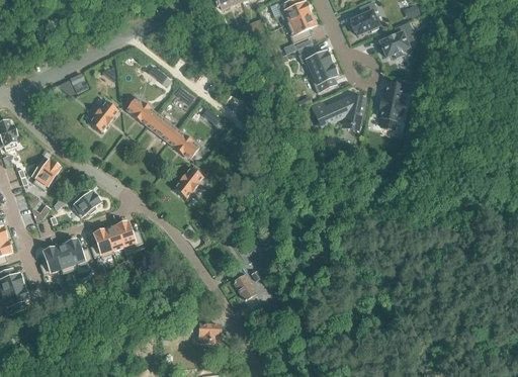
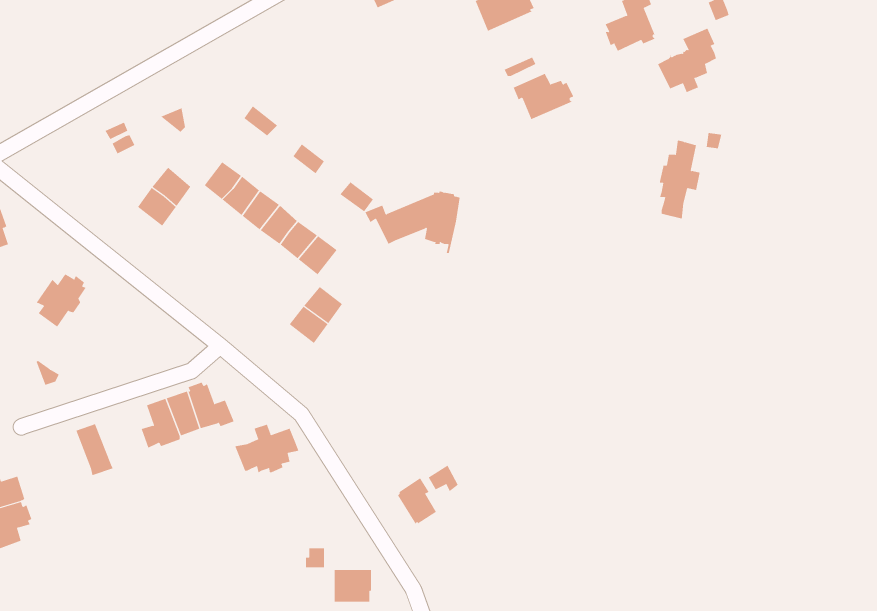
building: [284,12,318,43] -> none
building: [309,64,337,93] -> none
building: [311,95,364,130] -> [365,190,460,254]
building: [71,191,99,217] -> none
building: [65,240,92,267] -> none
building: none -> [235,424,299,473]
building: [39,246,62,275] -> none

